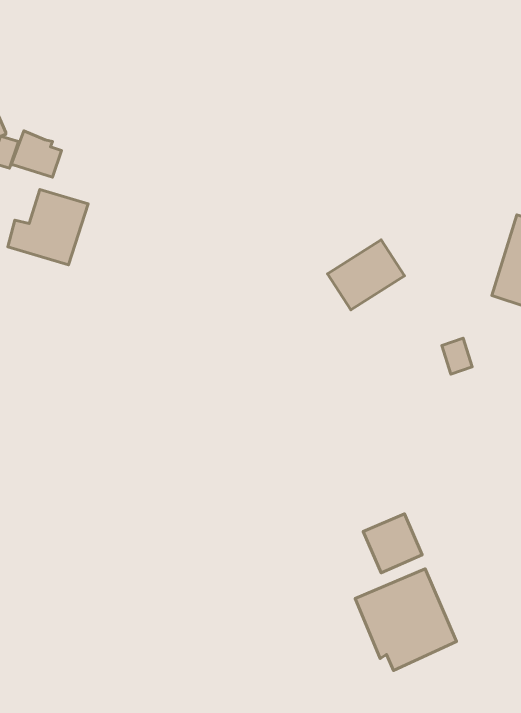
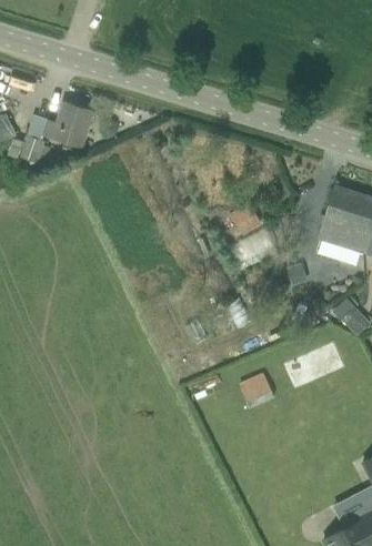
building: [8,190,88,265] -> [43,101,93,148]
building: [355,569,457,670] -> none

